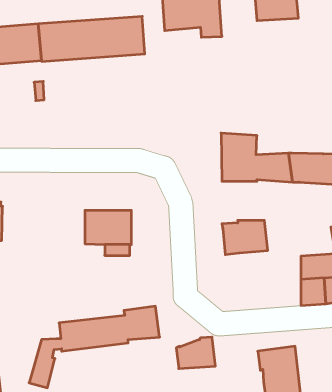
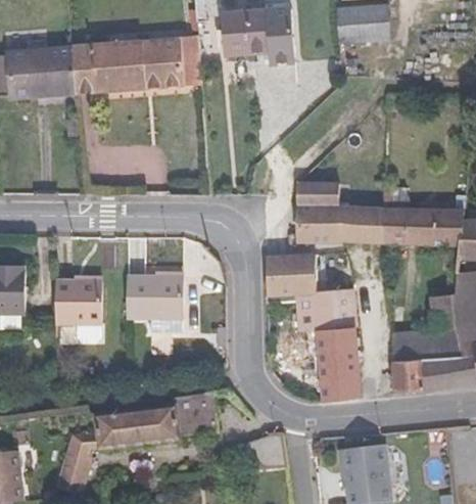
building: none -> [265,255,315,294]
building: none -> [55,280,103,324]
building: none -> [317,325,361,402]

